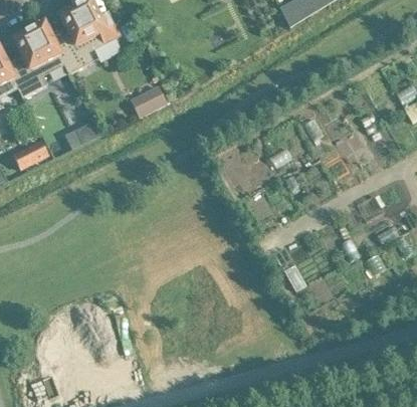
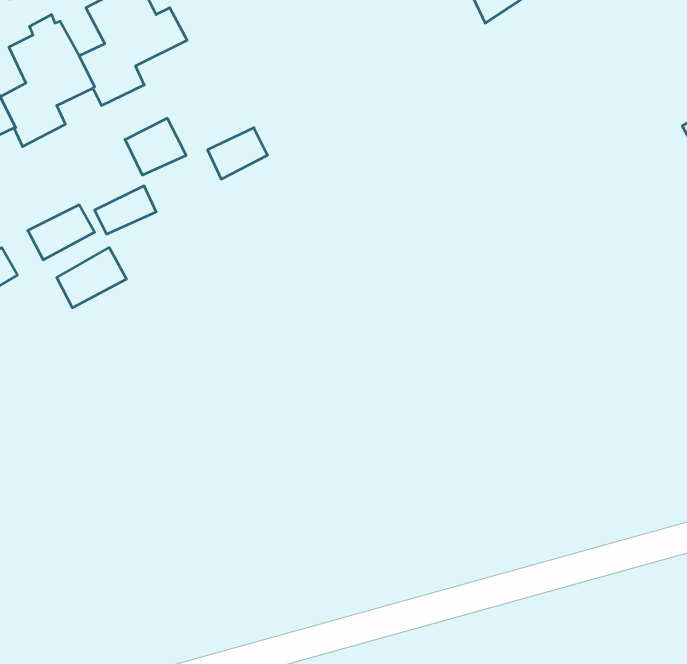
building: none -> [125,118,186,175]
building: none -> [57,248,126,308]

